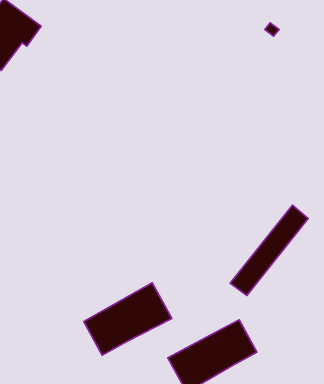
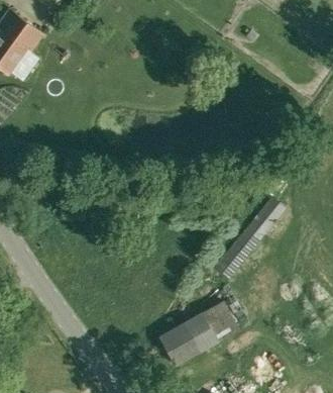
building: [84,283,172,355] -> none

